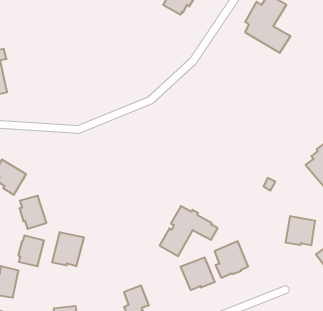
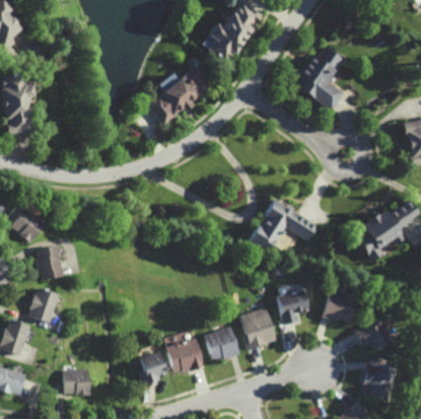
building: none -> [148,65,213,124]
building: [160,206,218,256] -> [250,197,314,252]
building: none -> [280,291,311,326]
building: [52,232,84,266] -> none
building: none -> [167,338,207,372]

